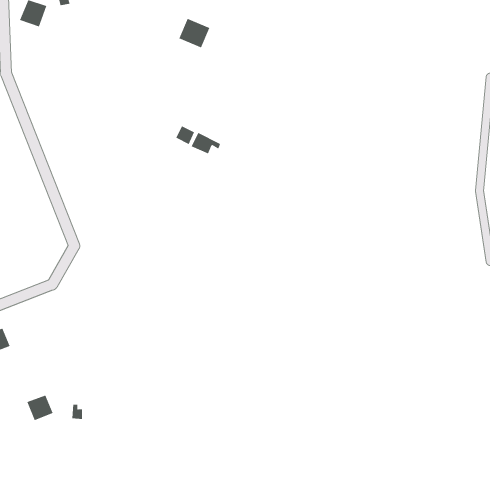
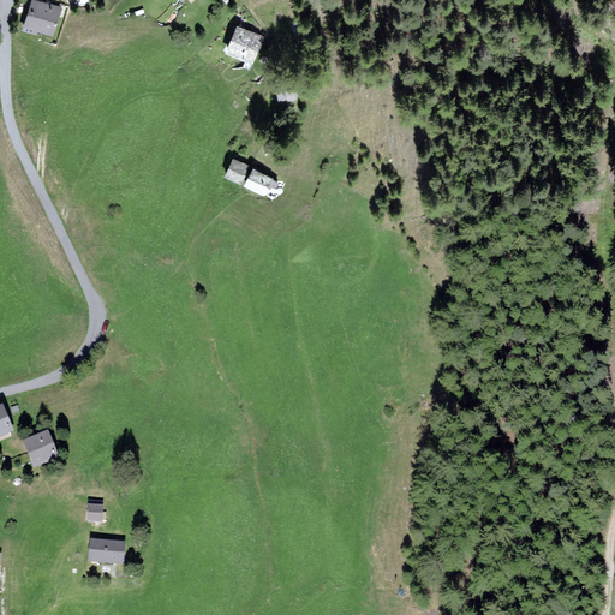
building: [27,395,54,421] -> [25,435,59,467]
building: none -> [92,542,126,562]

